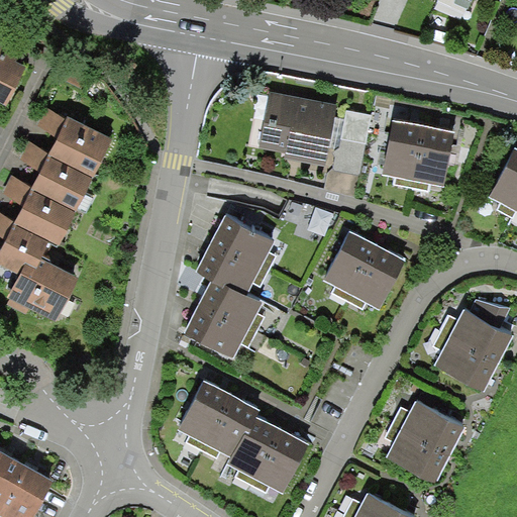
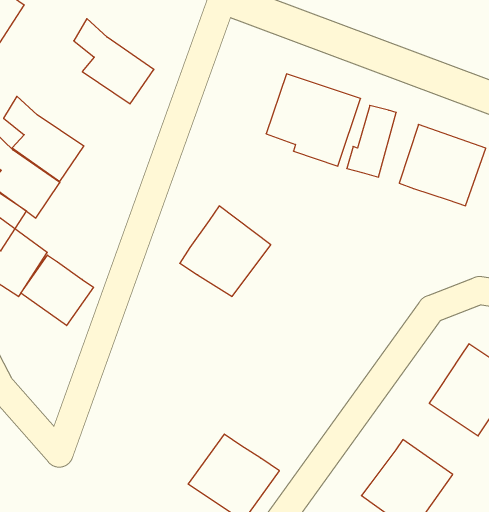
building: [40,105,115,176] -> [74,19,154,104]
building: [322,230,406,307] -> none
building: [183,279,260,359] -> none
building: none -> [21,255,94,326]
building: [178,382,258,458] -> none

